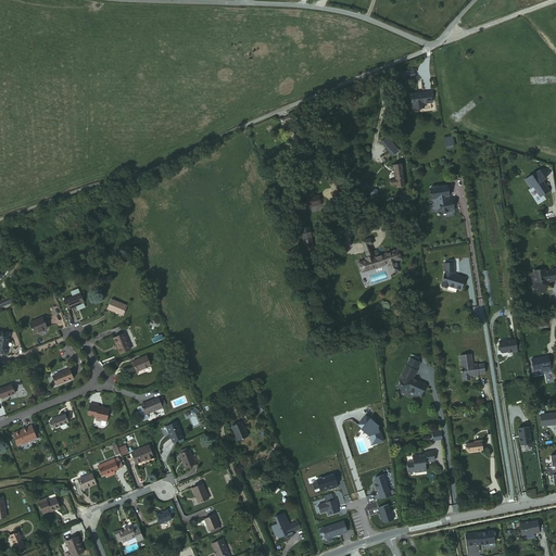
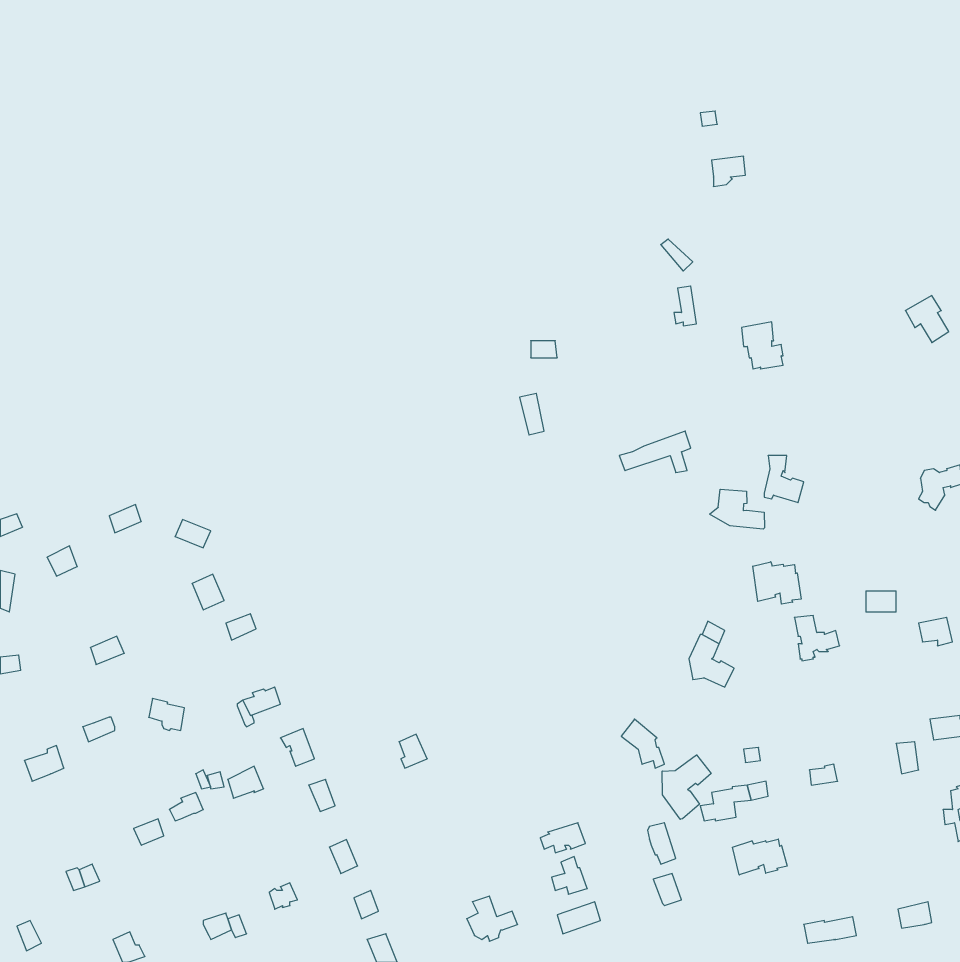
building: none -> [710,489,764,529]
building: none -> [753,562,801,604]
building: none -> [662,755,711,819]
building: none -> [732,839,787,875]

